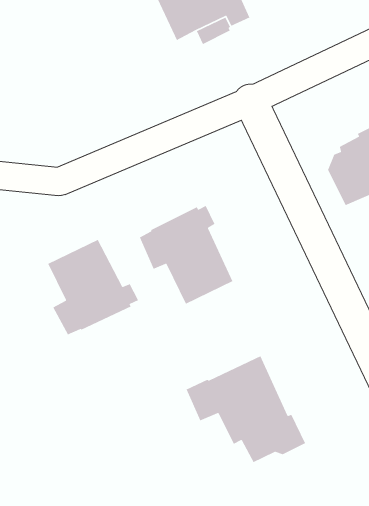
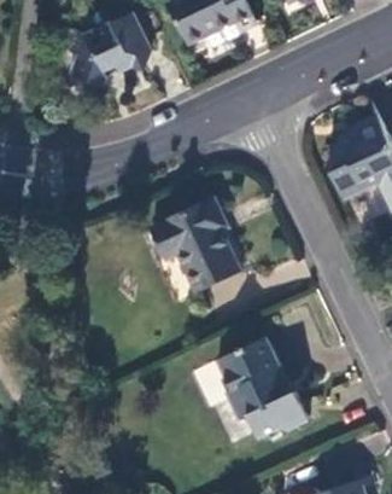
building: none -> [69,14,148,86]
building: [47,239,139,336] -> none

